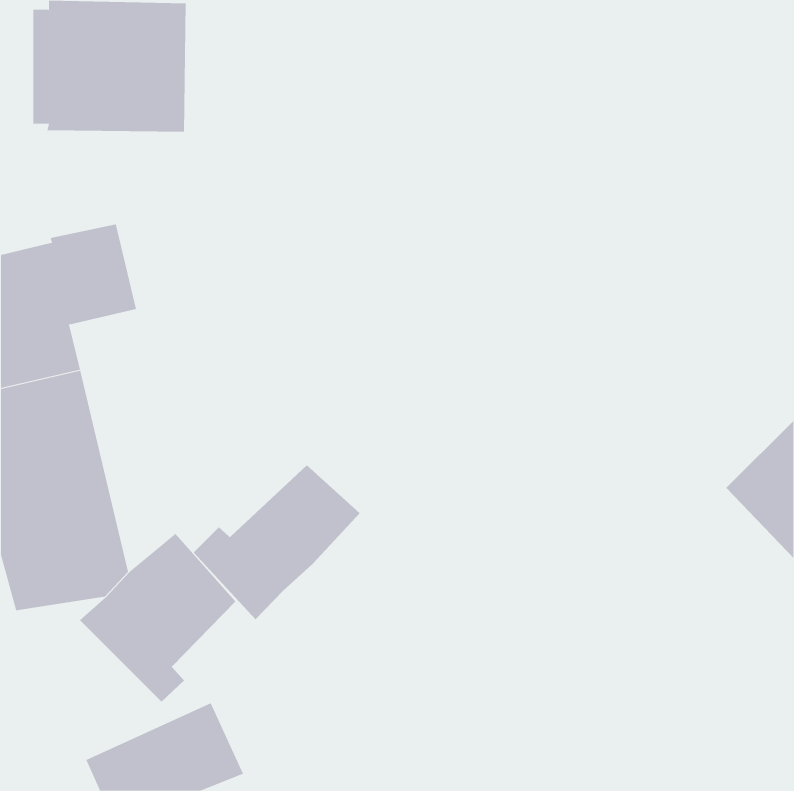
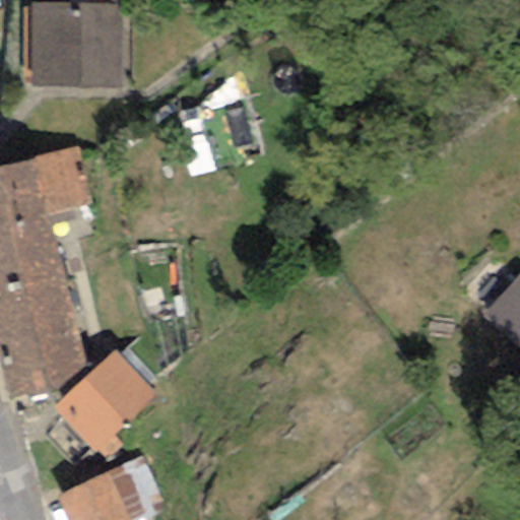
building: [193,465,361,620] -> none

